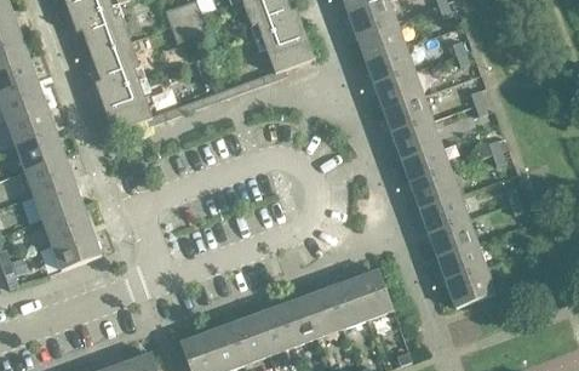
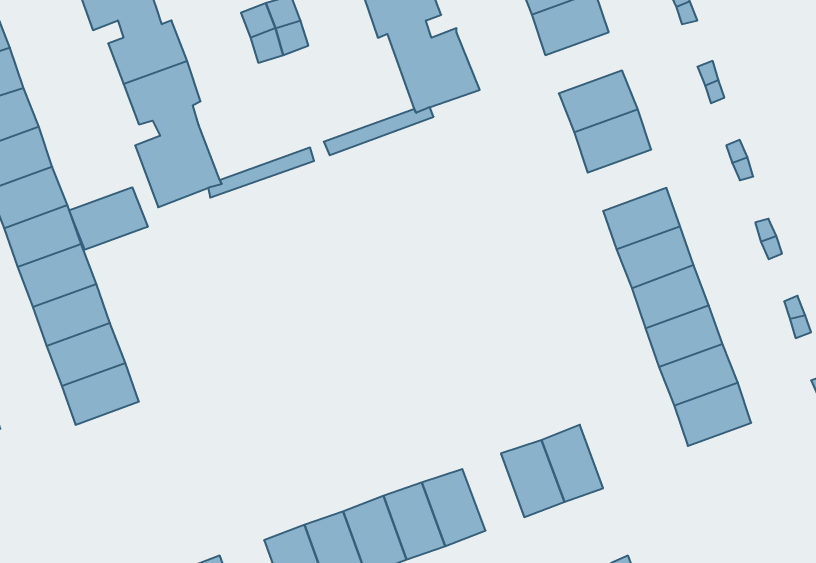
building: [356,22,405,61] -> none
building: [383,96,432,135] -> none
building: none -> [69,187,148,250]
building: [446,268,495,308] -> none
building: [304,287,343,336] -> none

